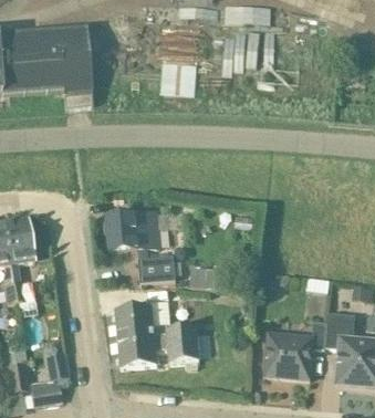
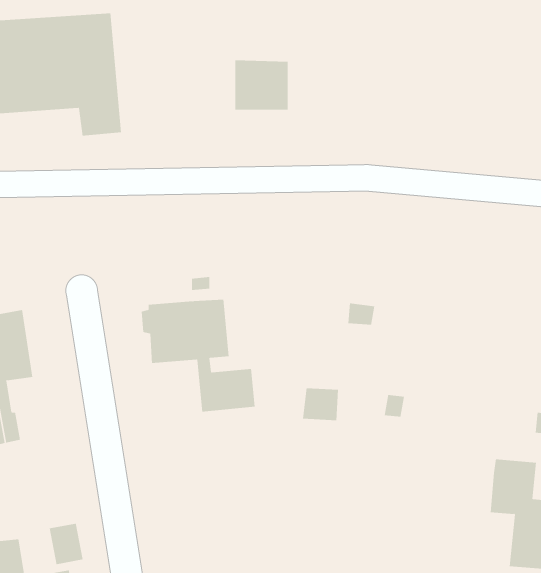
building: [115,300,198,366] -> none
building: [264,320,326,378] -> none

